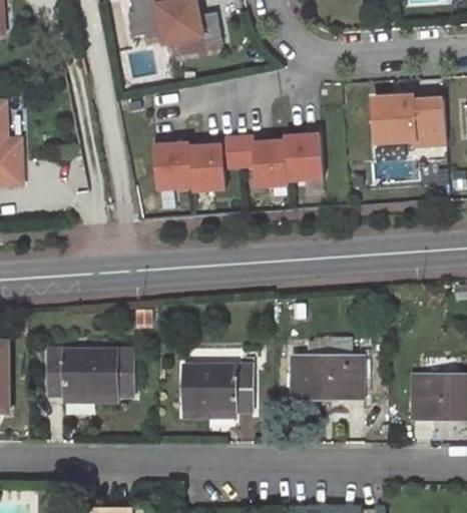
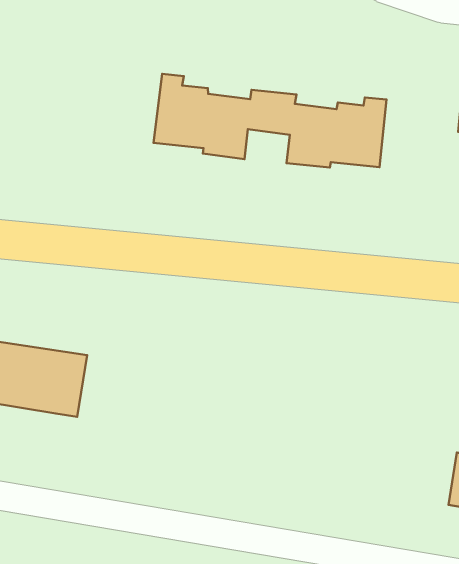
building: [293,358,362,399] -> none
building: [183,366,252,412] -> none

